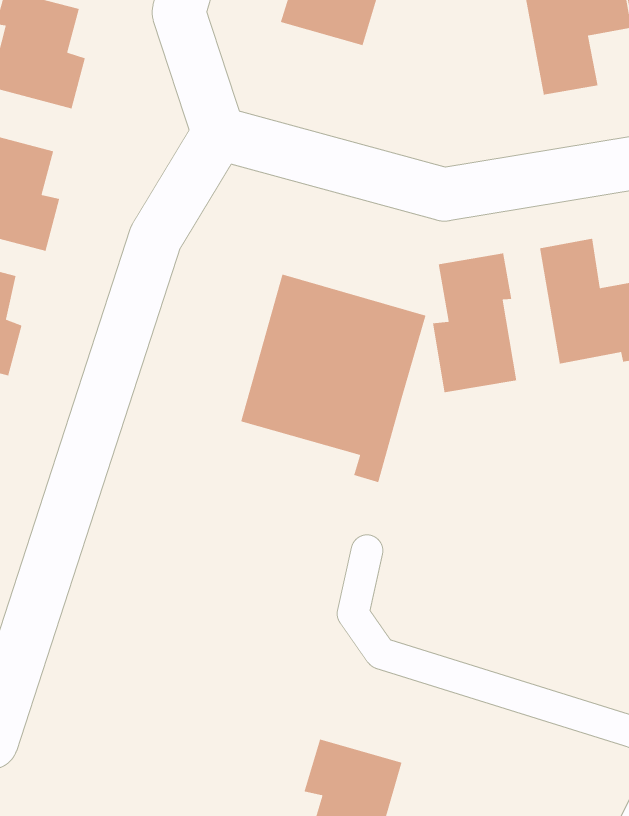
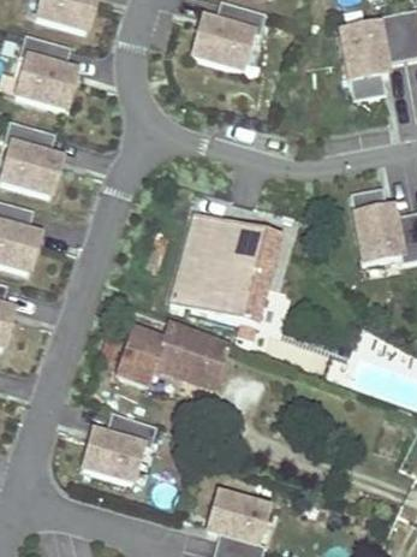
building: [432,252,517,393] -> none
building: none -> [115,321,231,386]
building: none -> [83,410,156,481]

